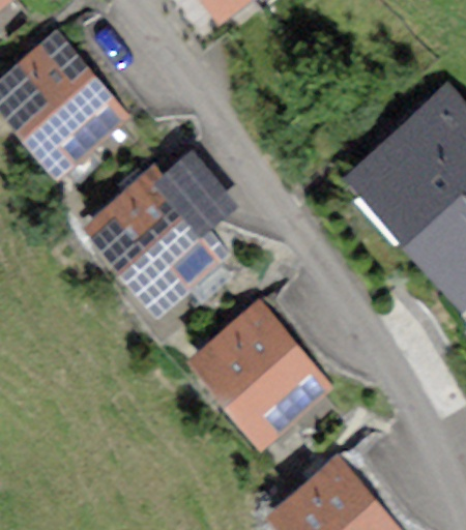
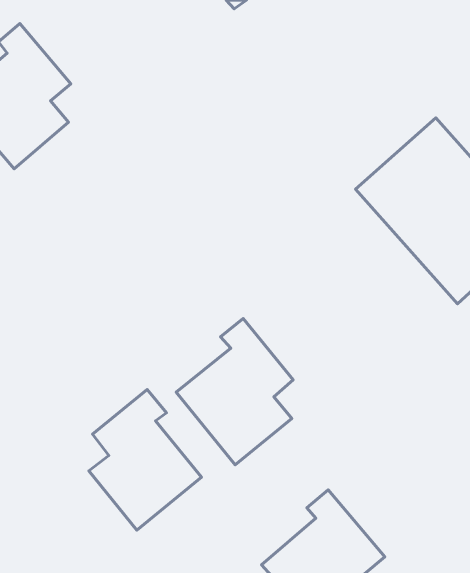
building: [89,163,202,296] -> none
building: none -> [89,390,202,530]

